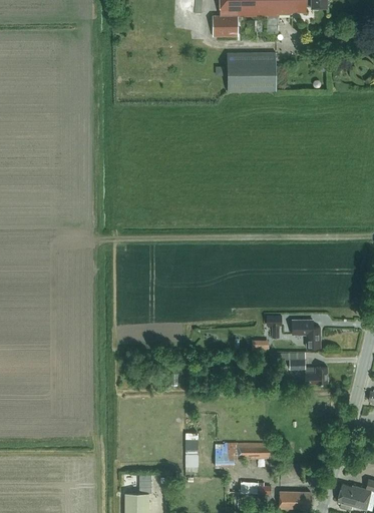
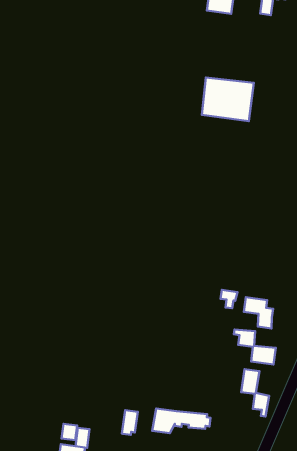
building: [227,52,276,91] -> [202,77,254,121]
building: none -> [241,369,269,417]

